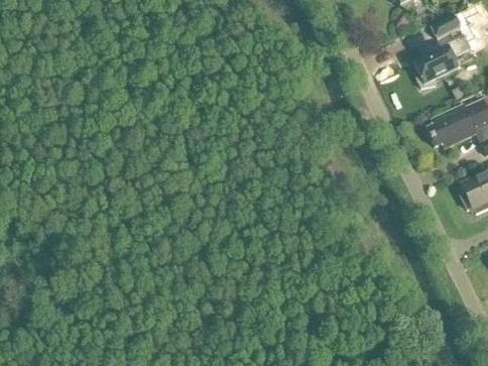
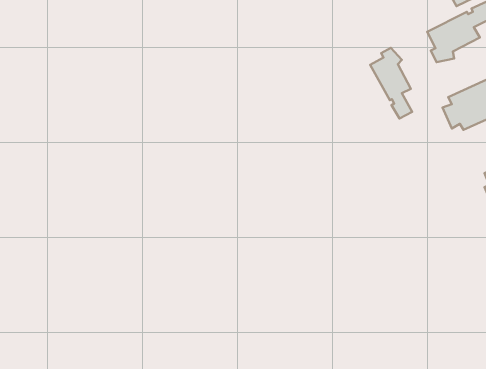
building: none -> [370,48,412,118]

